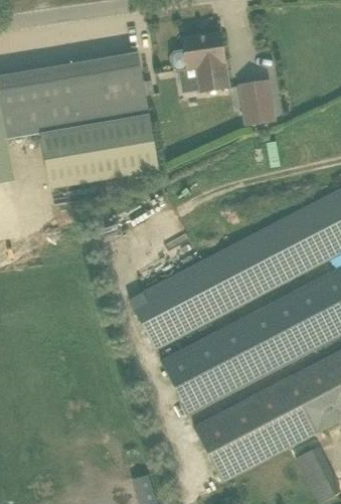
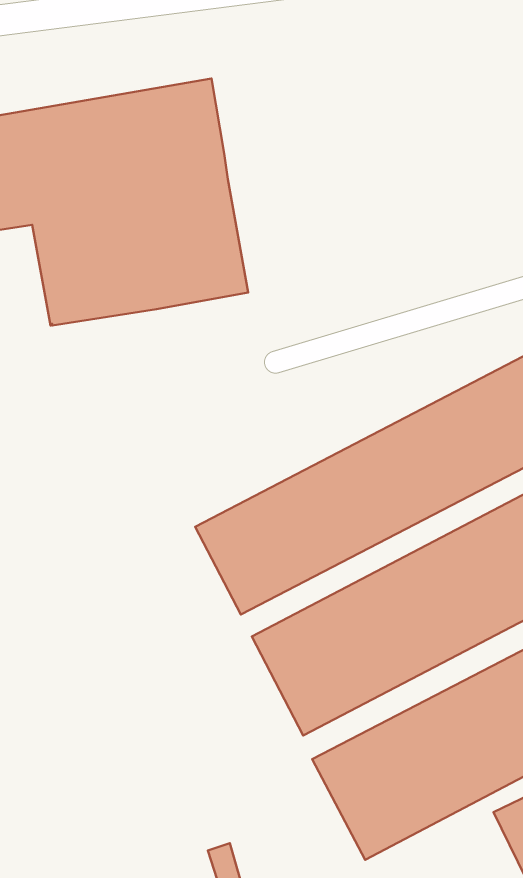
building: [172,32,228,91] -> none
building: [240,82,272,126] -> none

